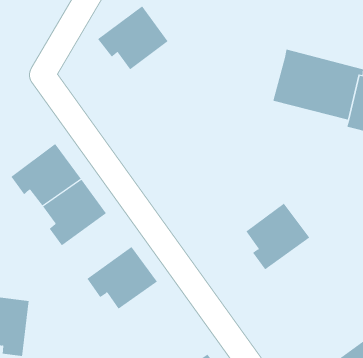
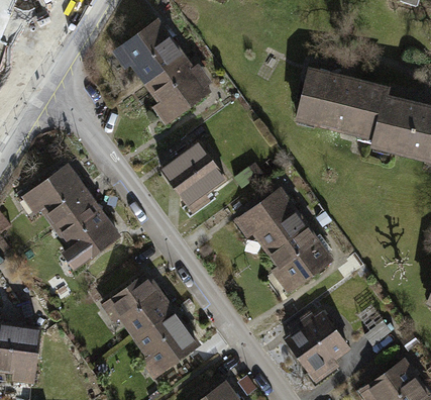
building: none -> [145,56,212,126]
building: none -> [158,139,226,214]
building: none -> [233,189,307,256]
building: none -> [284,307,350,384]
building: none -> [133,308,201,379]

